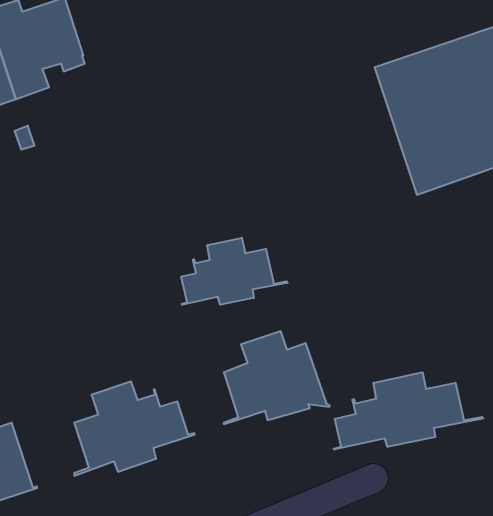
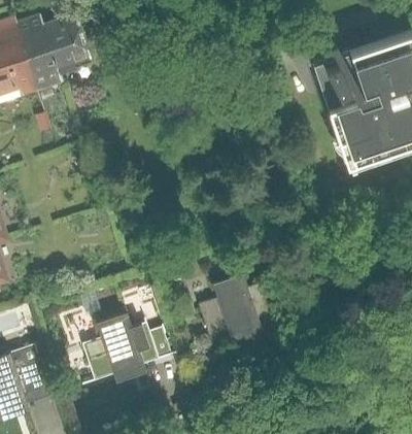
building: [181,238,288,305] -> none
building: [334,372,483,450] -> none

